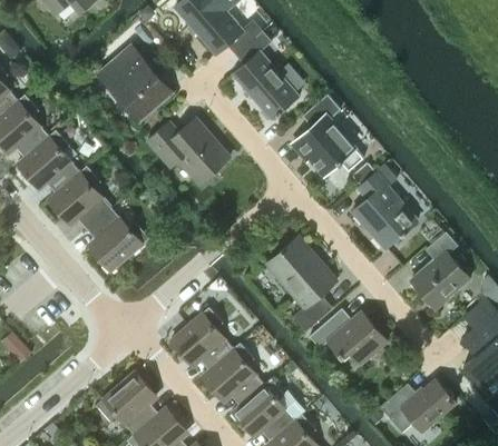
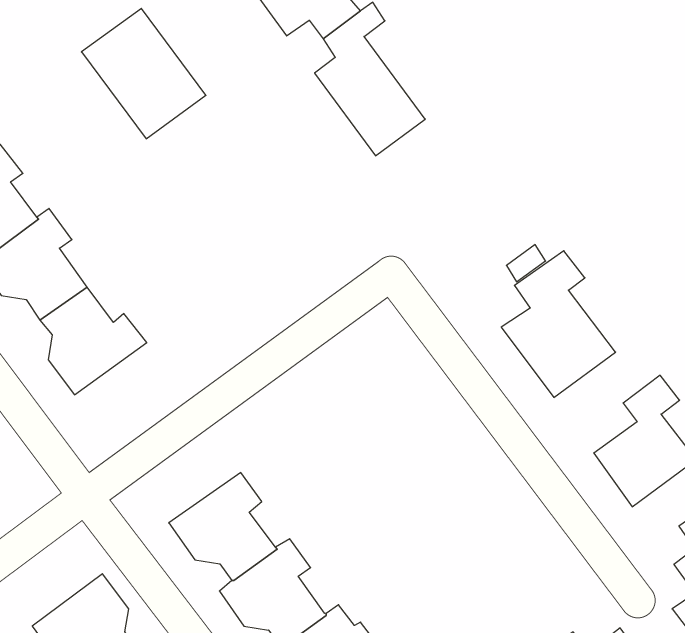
building: [293,96,363,176] -> none
building: [146,120,228,185] -> none
building: [267,238,335,333] -> none
building: [310,311,388,365] -> none

